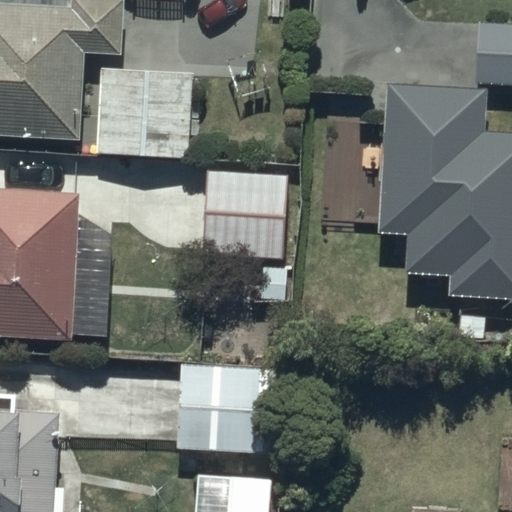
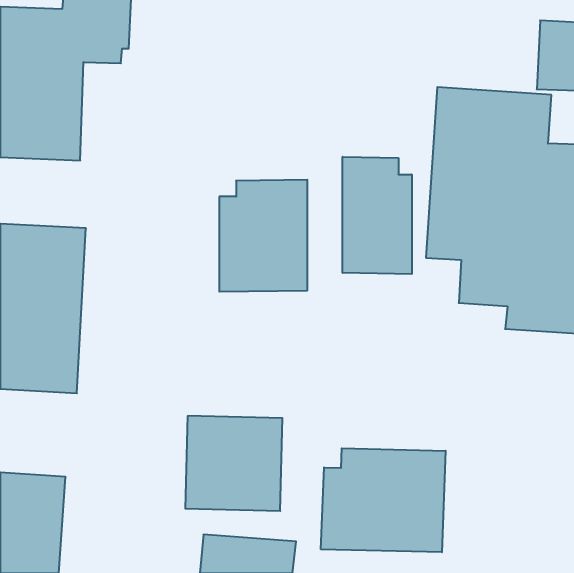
building: [86,69,185,158] -> none
building: none -> [343,157,412,274]
building: none -> [321,448,446,552]

